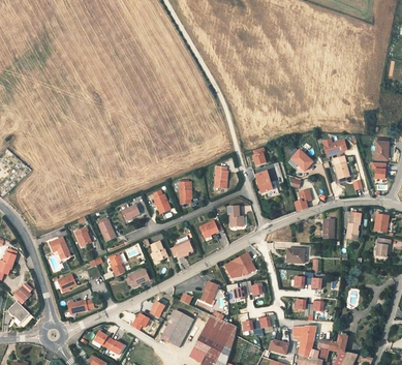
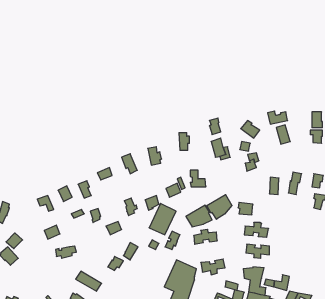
building: none -> [207,195,232,219]
building: [161,308,193,345] -> [149,203,176,235]

